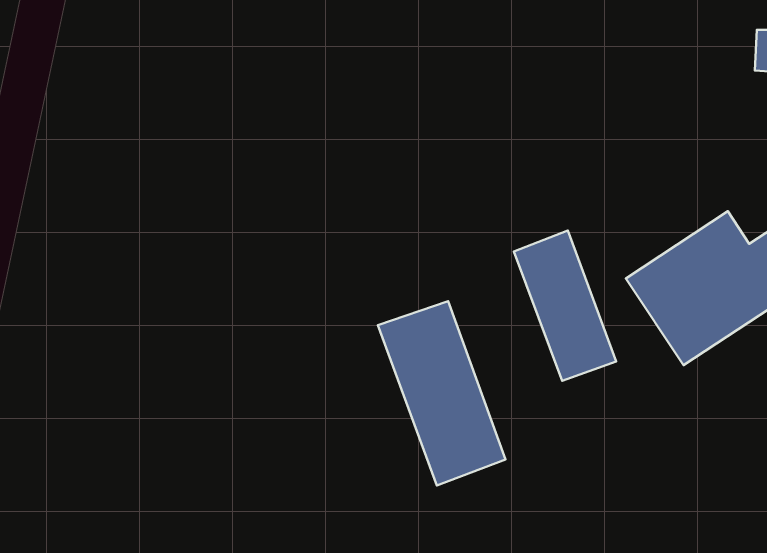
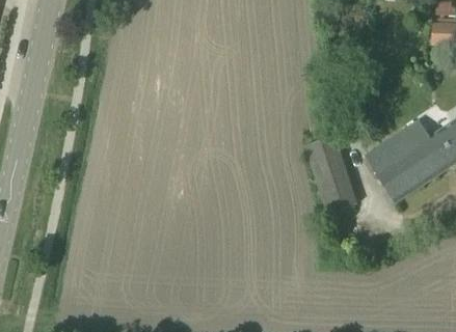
building: [378,301,506,486] -> none

